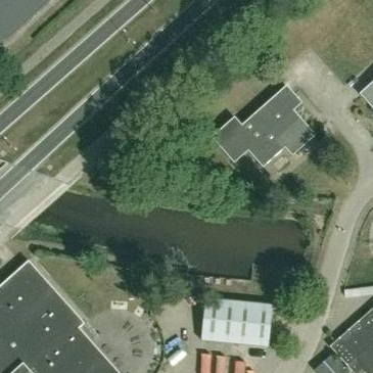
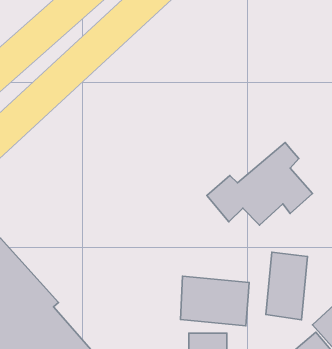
building: [212,85,314,165] -> [207,143,313,225]
building: none -> [266,252,308,320]

